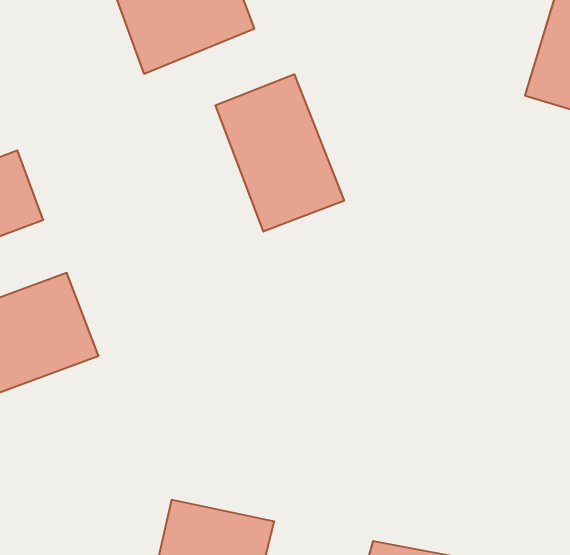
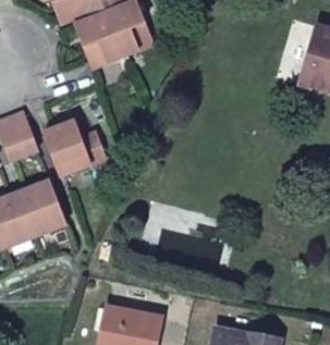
building: [215,74,344,232] -> none
building: none -> [41,120,102,176]

